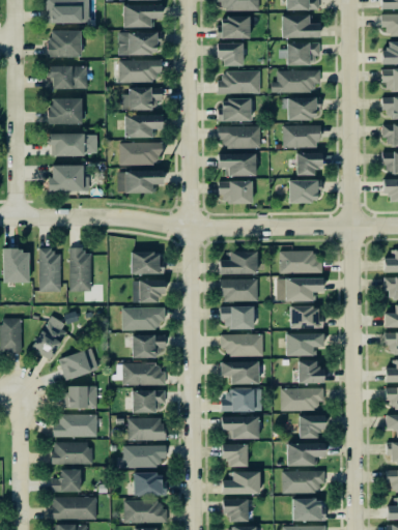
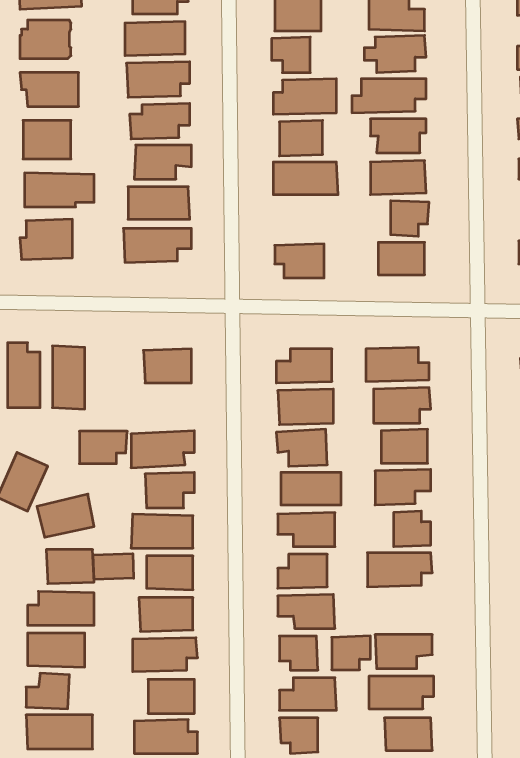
building: [218,153,256,177] -> none
building: [133,281,165,302] -> [79,431,127,464]
building: none -> [93,554,134,580]
building: [298,415,324,438] -> [332,636,370,670]

